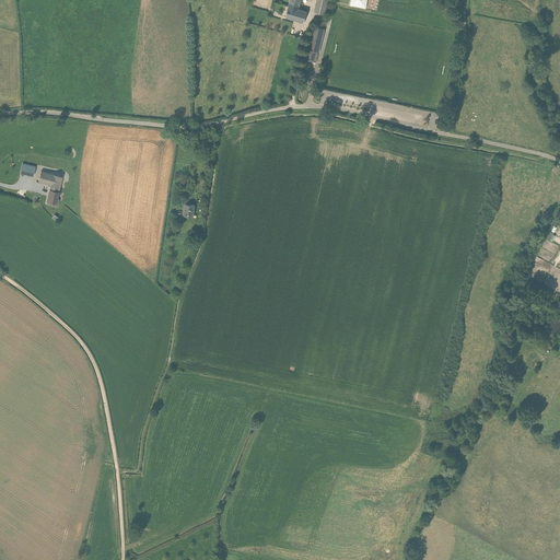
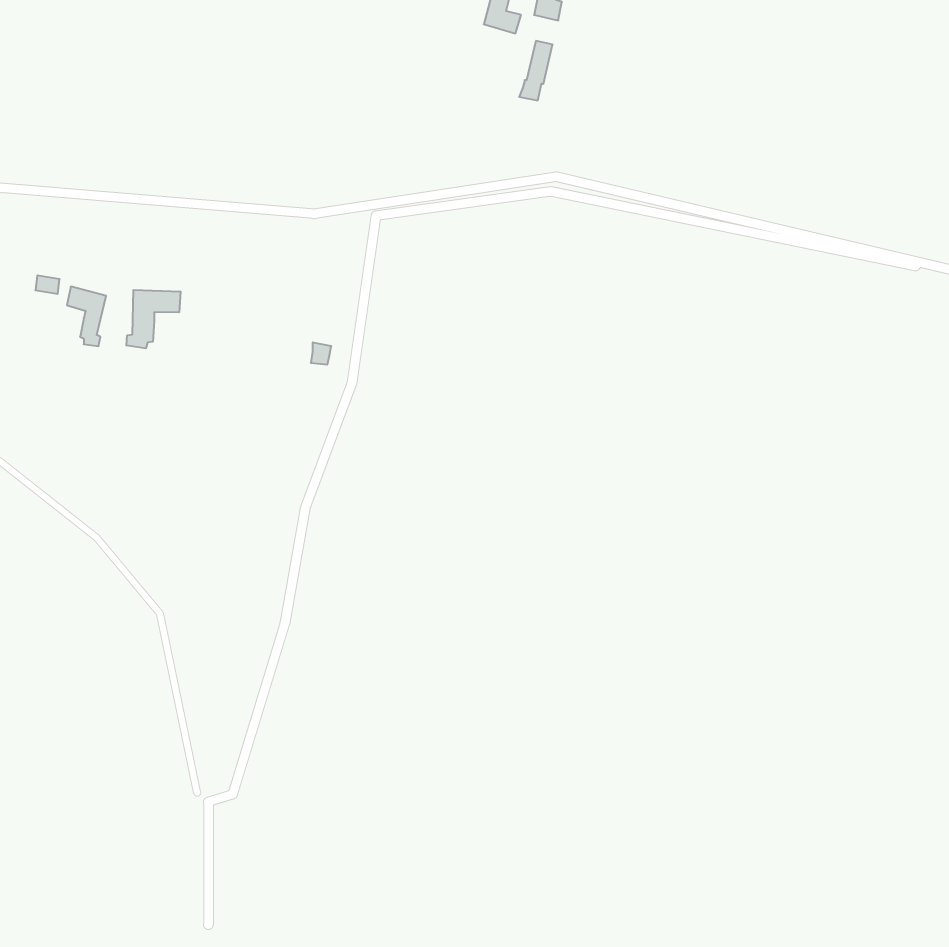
building: none -> [127,290,180,348]

